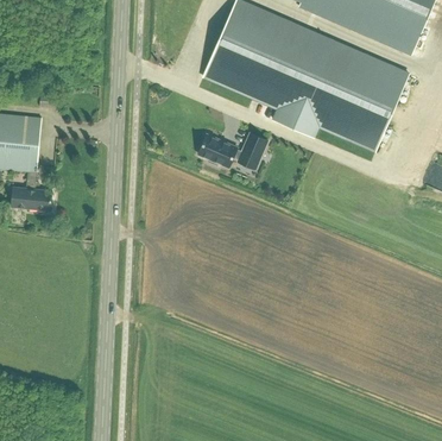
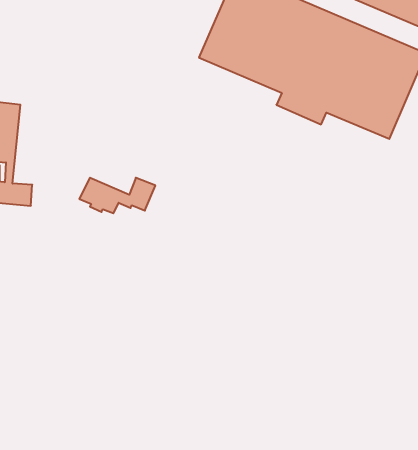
building: [196,130,265,162] -> [79,178,155,213]

